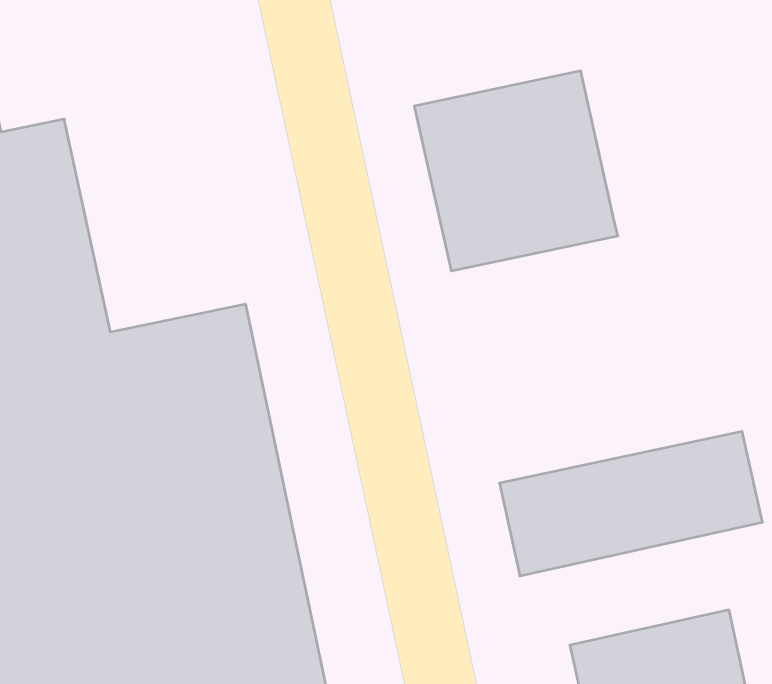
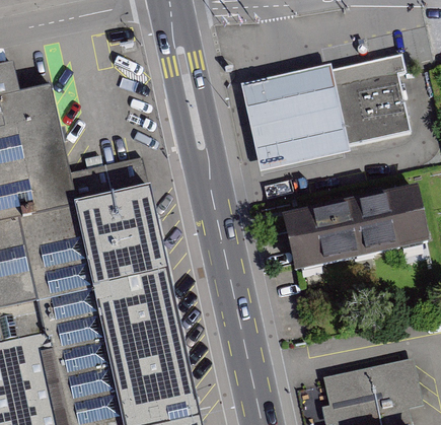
building: none -> [333,48,413,140]
building: [499,431,762,576] -> [286,184,430,263]

